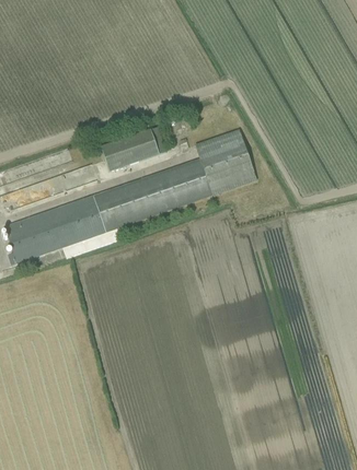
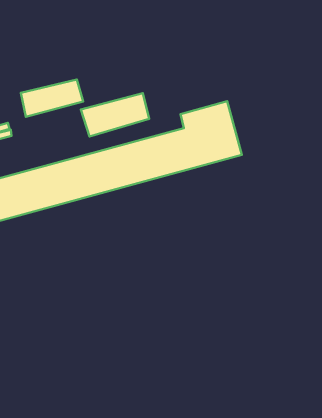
building: none -> [21,80,83,117]

